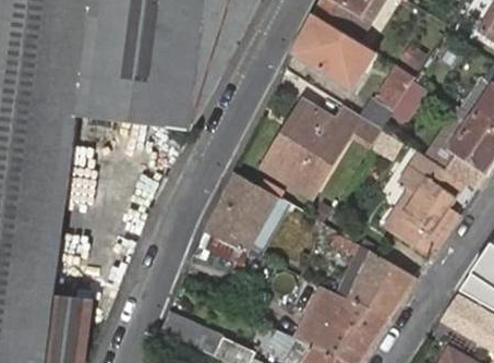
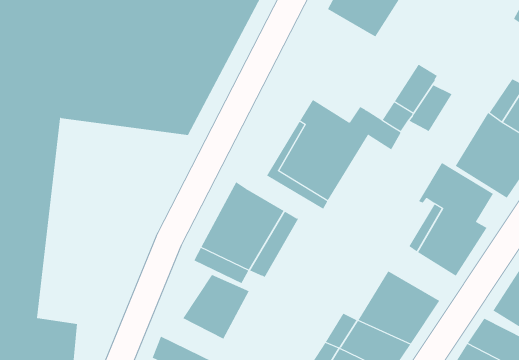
building: [294,16,374,88] -> none
building: none -> [183,274,250,339]

